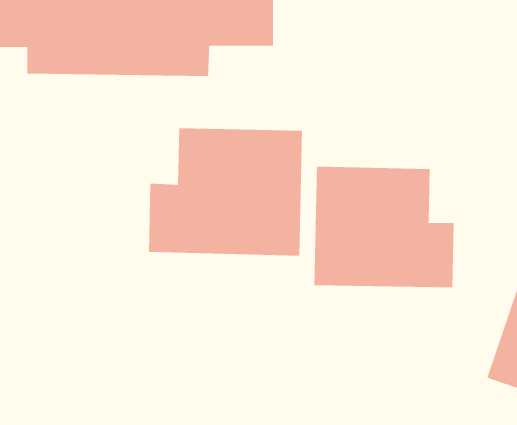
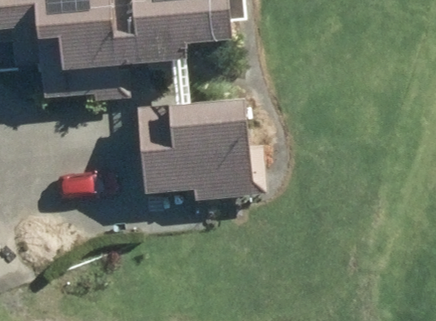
building: [314,166,454,288] -> none

